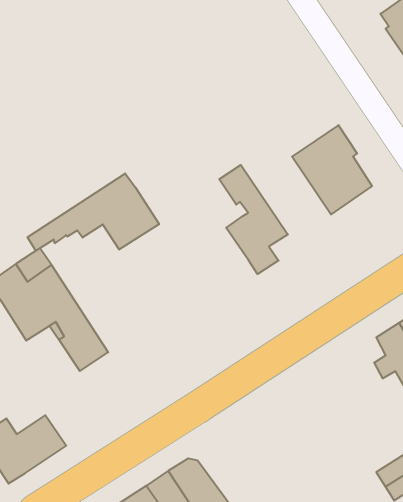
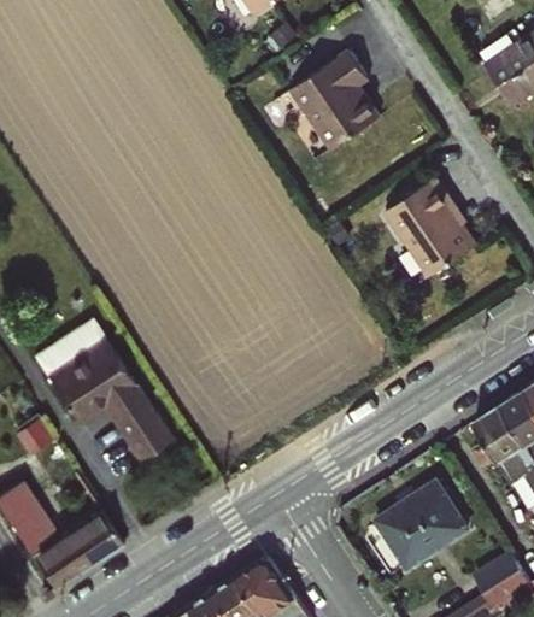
building: none -> [288,49,376,149]
building: [219,165,288,274] -> none
building: [28,173,159,251] -> none
building: none -> [380,480,474,566]

